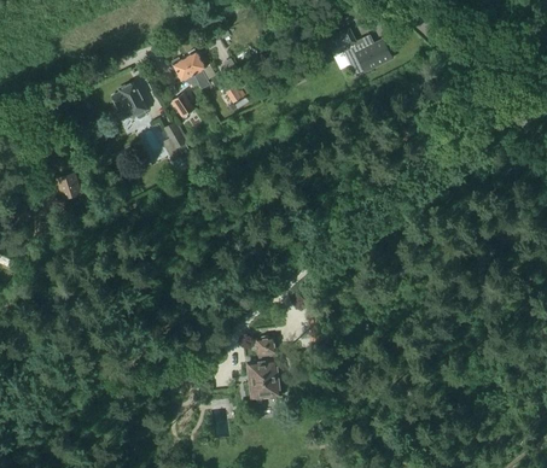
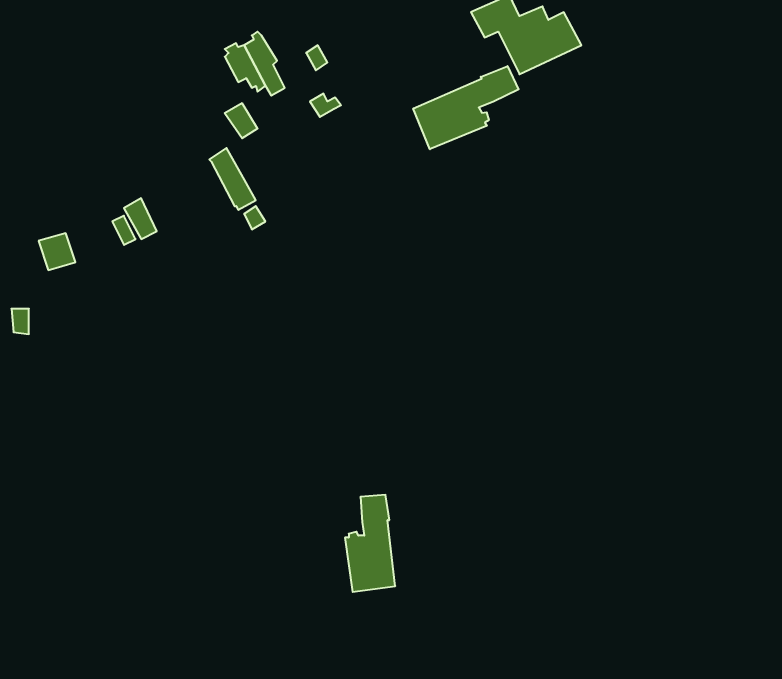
building: none -> [413,66,519,149]
building: [112,82,146,117] -> none

